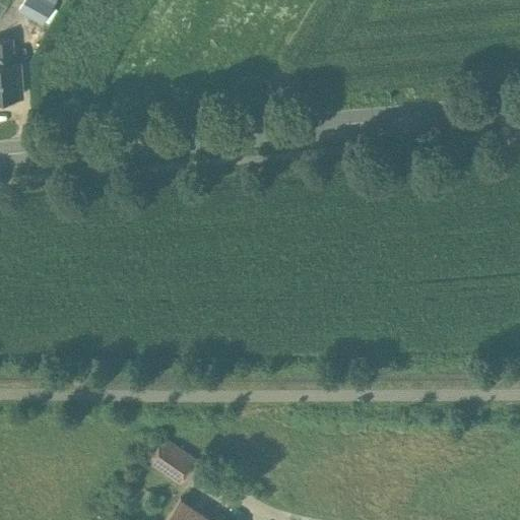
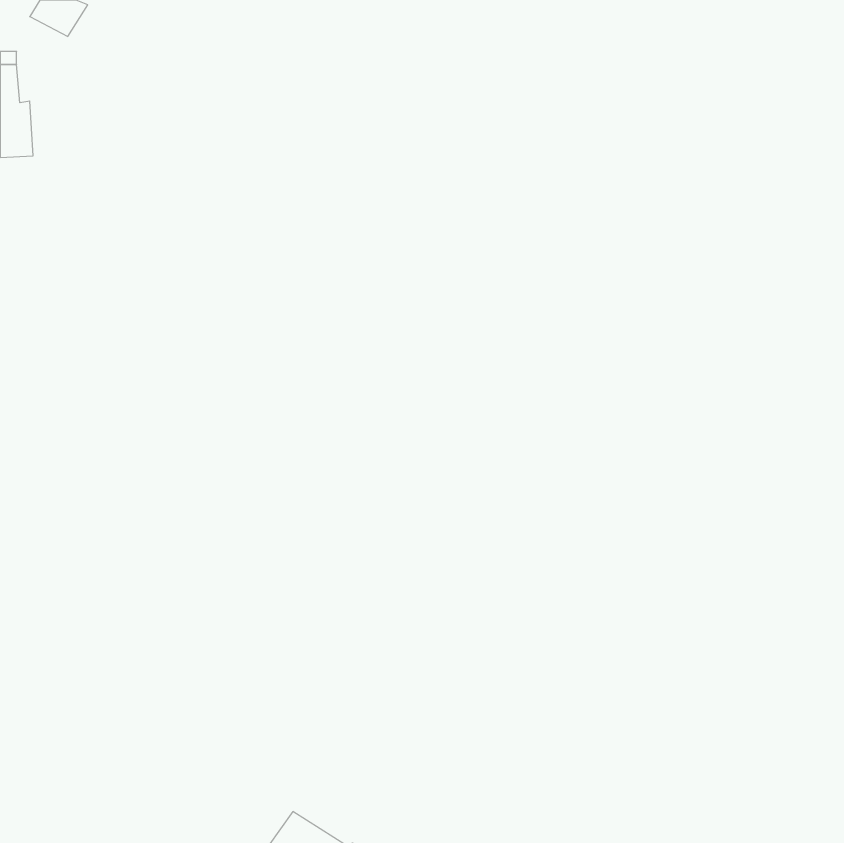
building: [149,439,195,481] -> none

